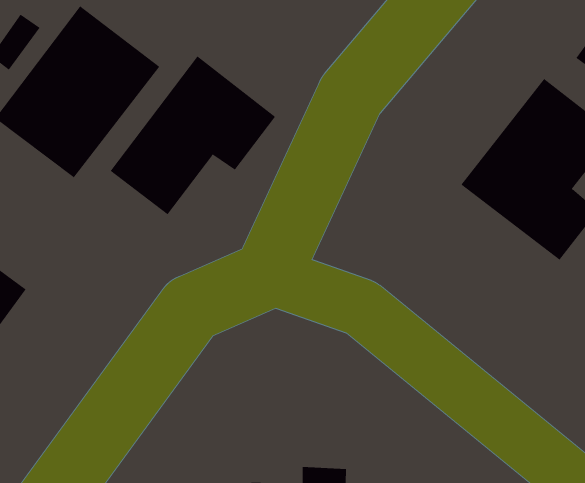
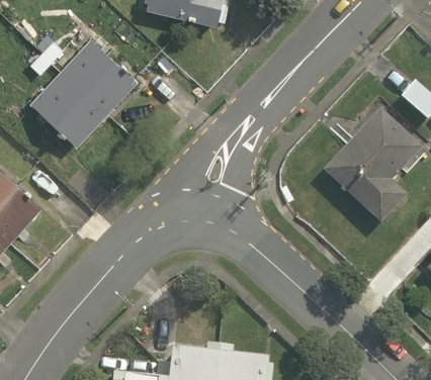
building: [110,56,276,215] -> none

